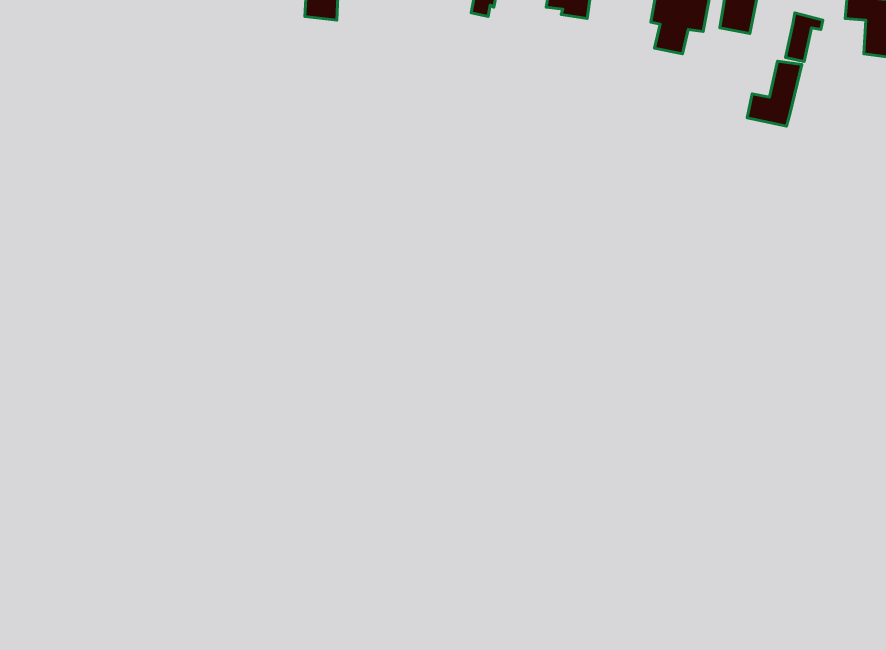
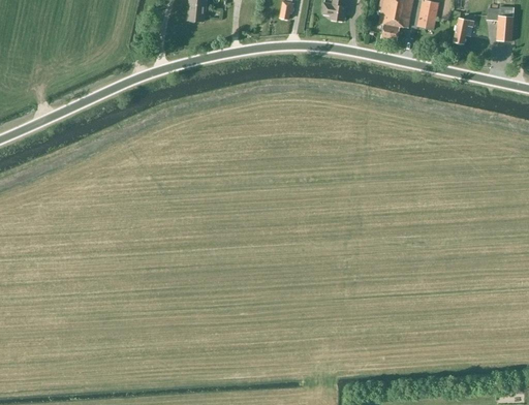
building: [747,61,802,126] -> none

